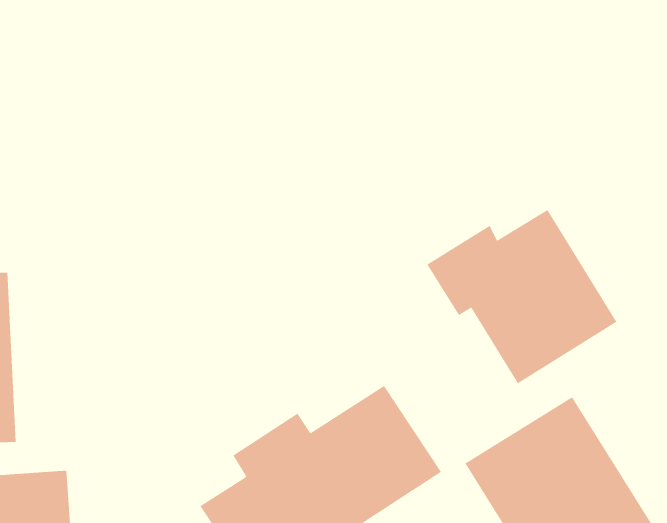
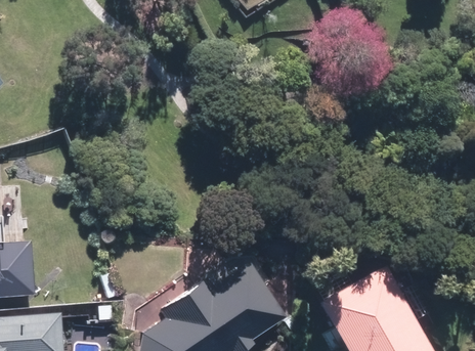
building: [427,209,617,384] -> none

